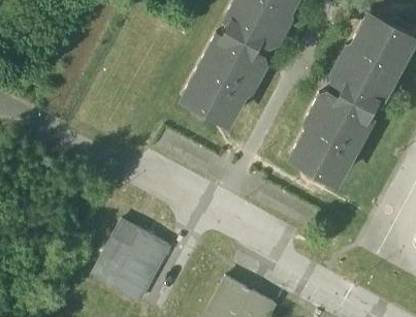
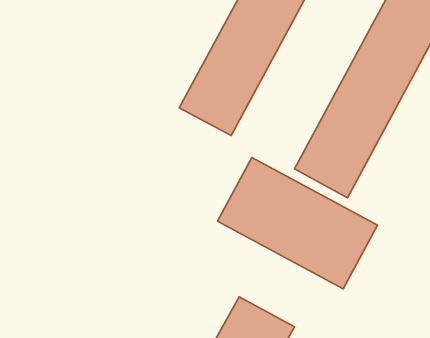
building: none -> [217,158,378,289]
building: [103,220,180,300] -> none

